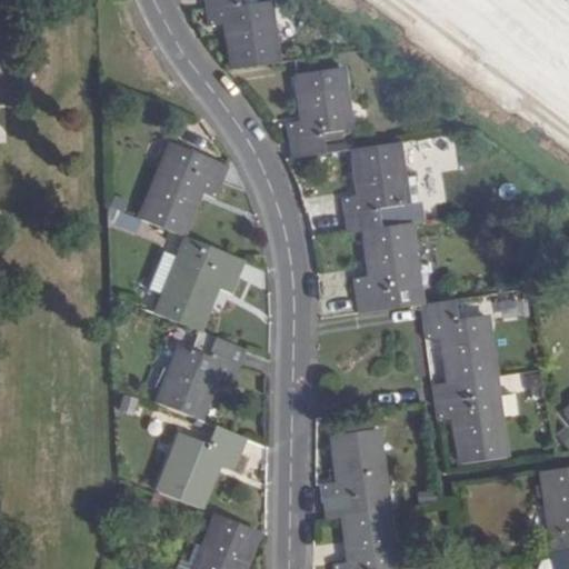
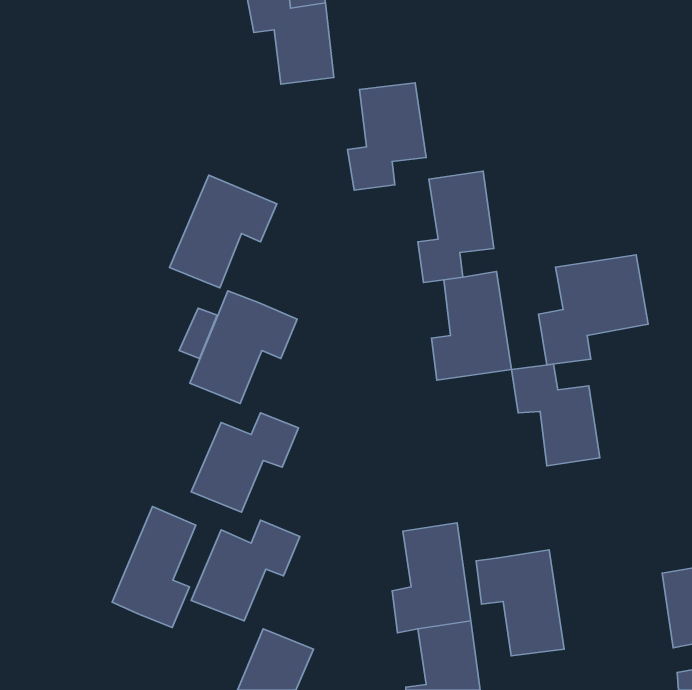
building: none -> [538,255,648,365]
building: [432,375,505,461] -> [476,550,564,656]
building: none -> [112,507,196,628]

